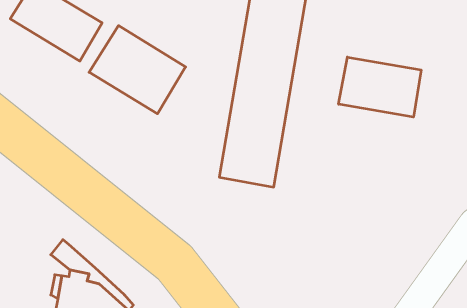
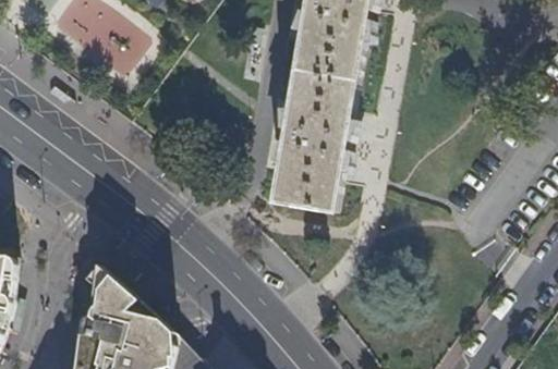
building: [89,26,186,114] -> none
building: [339,57,421,117] -> none

